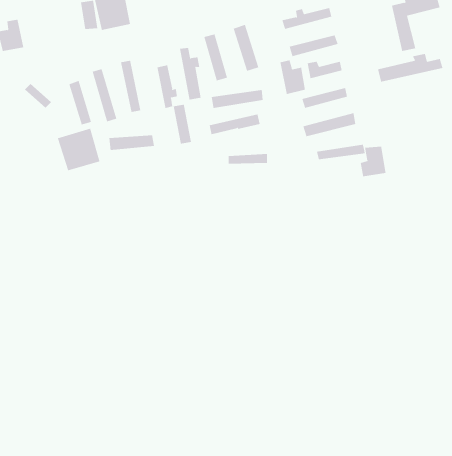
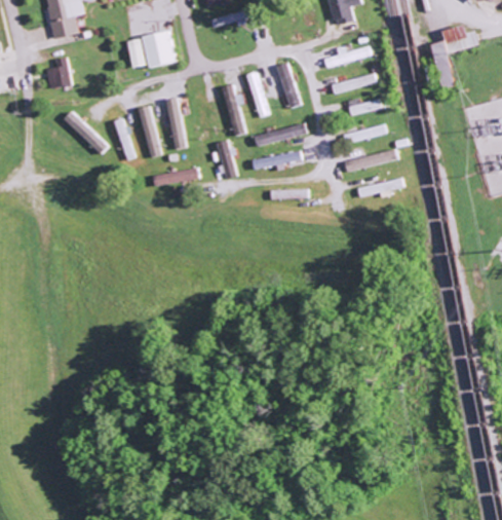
building: [377,53,443,83] -> none
building: [280,59,306,95] -> none
building: [157,64,178,109] -> none
building: [57,128,100,171] -> none
building: [360,146,386,177] -> none

